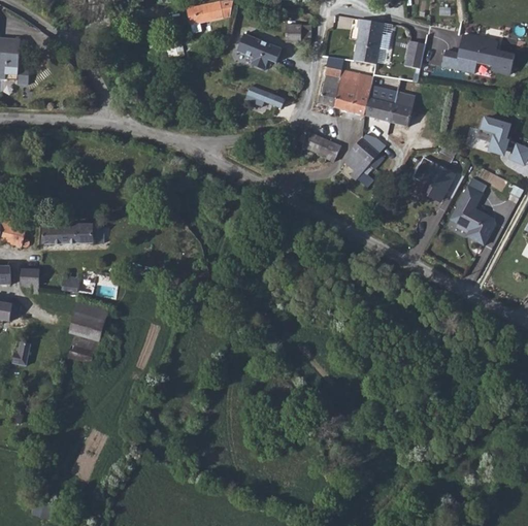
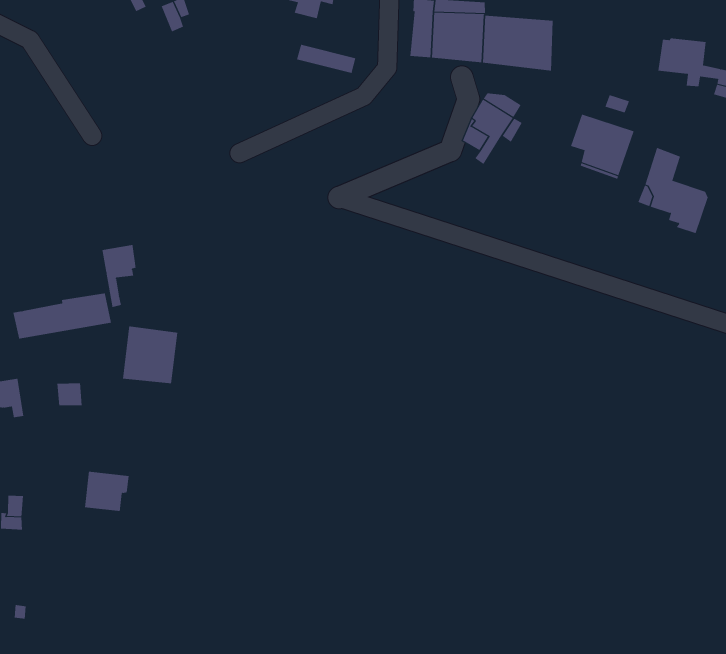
building: [296,131,341,161] -> none
building: none -> [102,244,136,308]
building: [69,299,109,340] -> [122,326,178,384]

